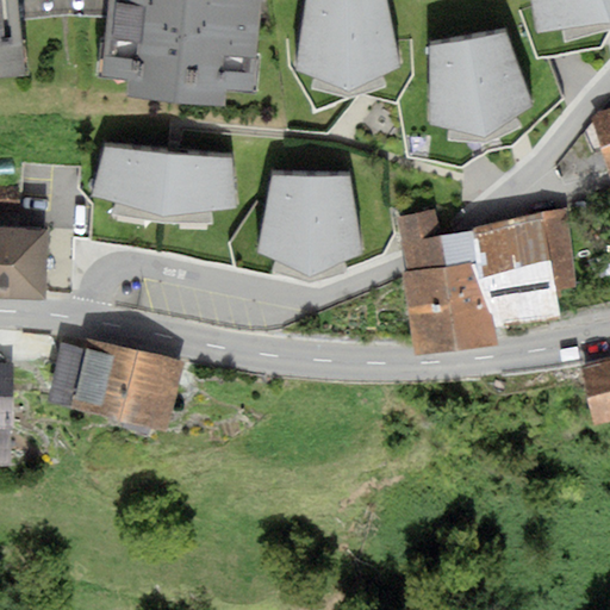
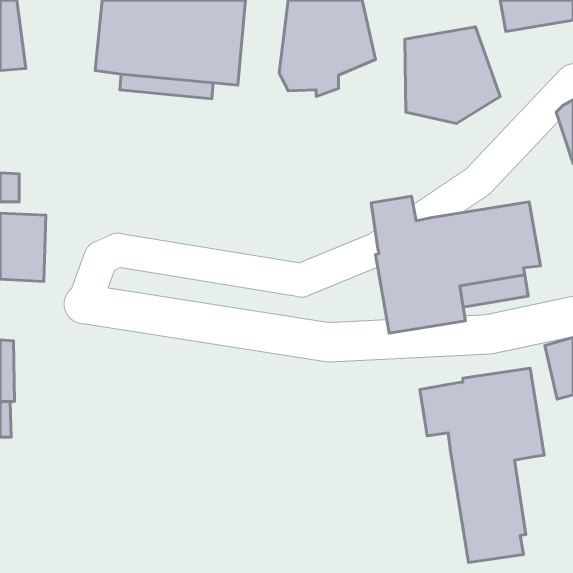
building: [92,145,239,216] -> none
building: [259,175,362,275] -> none
building: [48,340,183,430] -> none
building: none -> [420,368,544,562]

